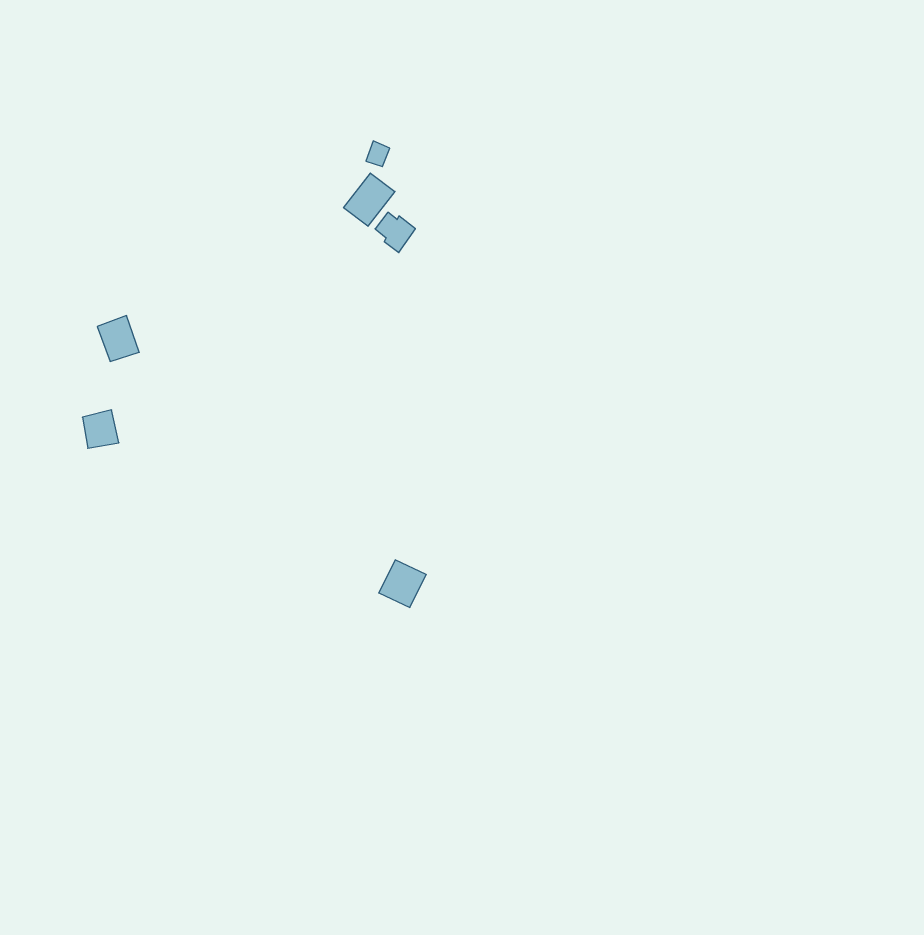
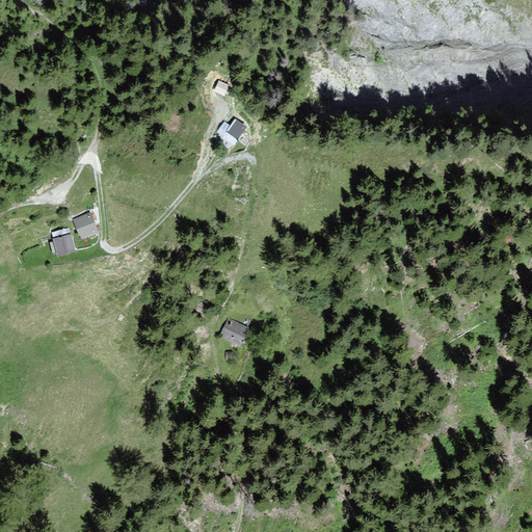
building: [344,173,395,226] -> none
building: [97,316,139,361] -> [73,211,97,237]

